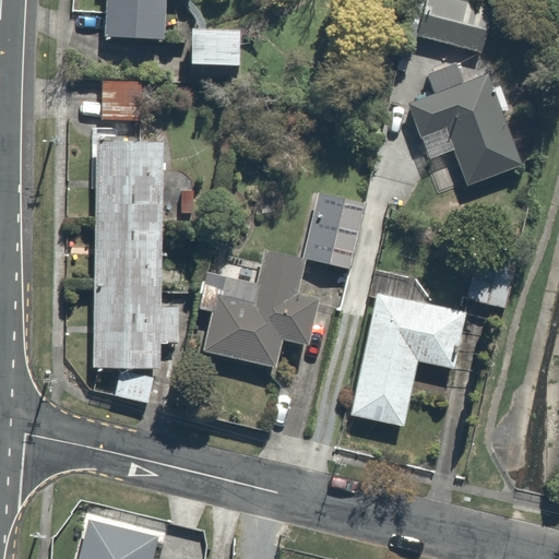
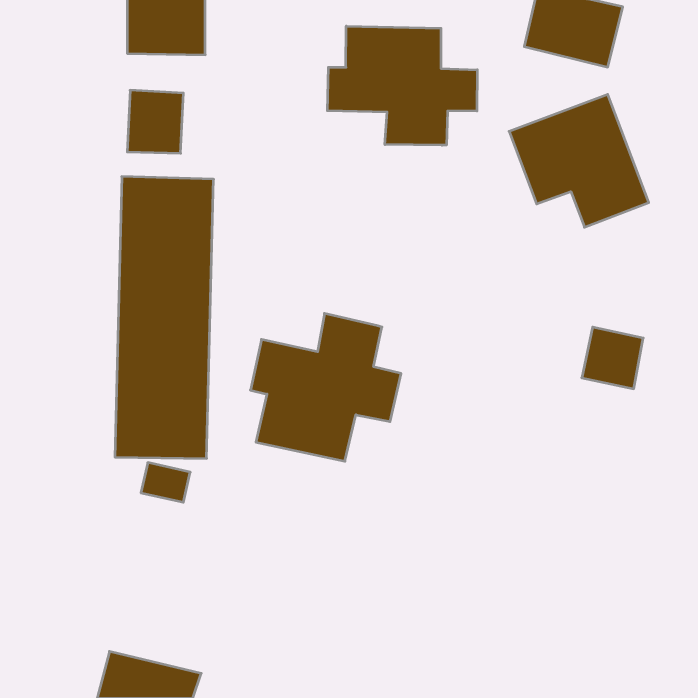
building: none -> [327,26,477,145]
building: [191,29,239,68] -> none
building: [301,195,364,271] -> none
building: [348,280,465,425] -> none

